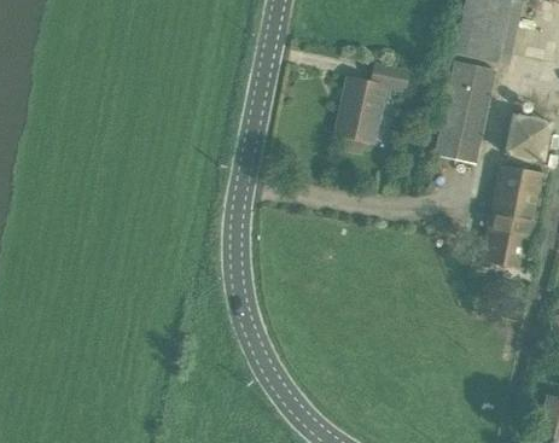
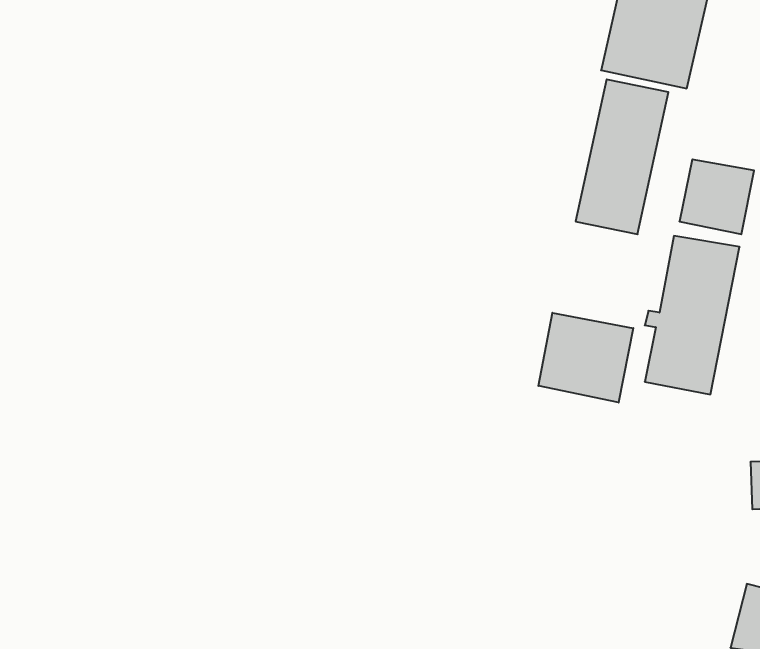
building: [336,62,409,140] -> none
building: none -> [538,313,633,403]

